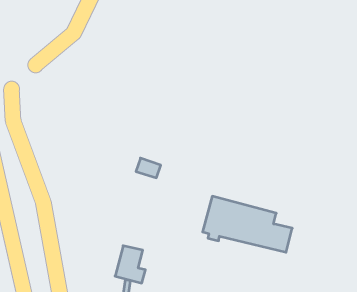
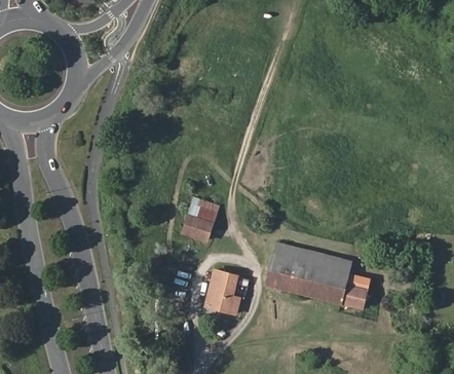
building: none -> [183,214,212,239]
building: [115,246,145,283] -> [204,270,239,313]

